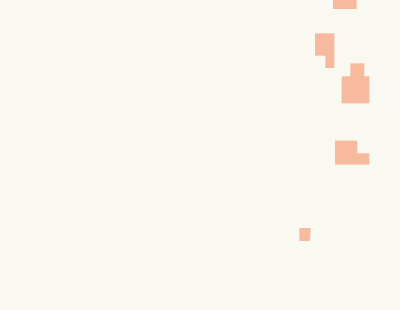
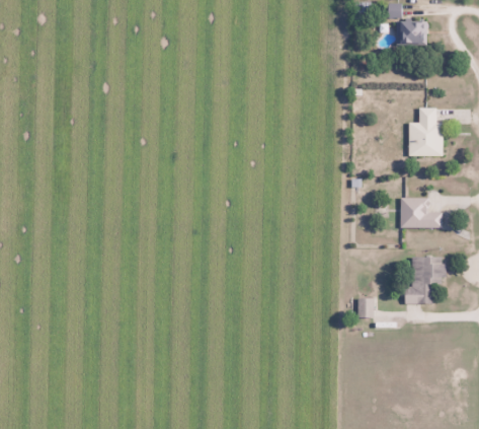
building: [314,32,335,69] -> none
building: none -> [408,256,446,304]

